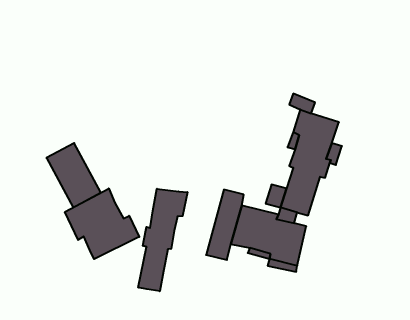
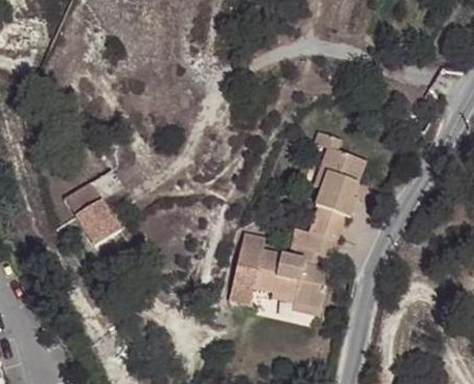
building: [65,188,139,259] -> none
building: [138,189,187,291] -> none

